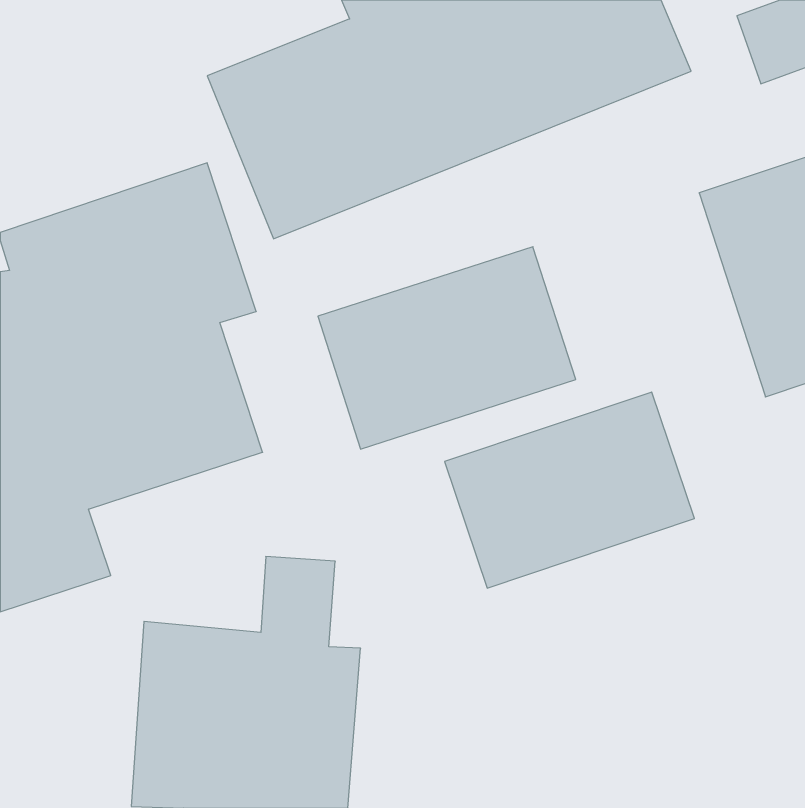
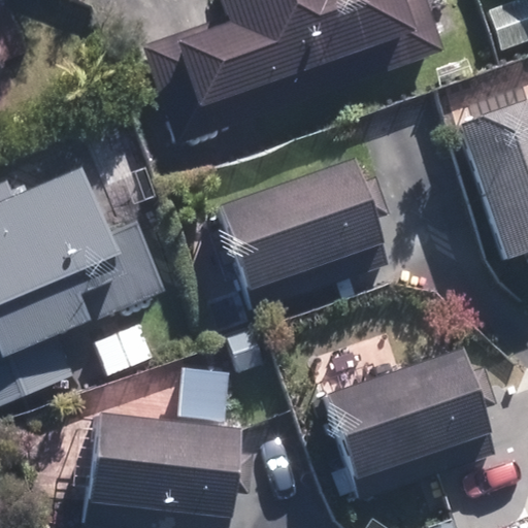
building: [445,392,694,588] -> [327,342,490,470]

